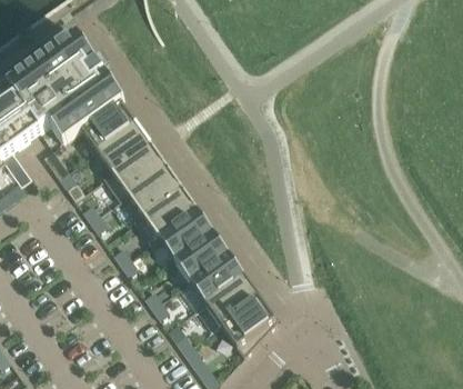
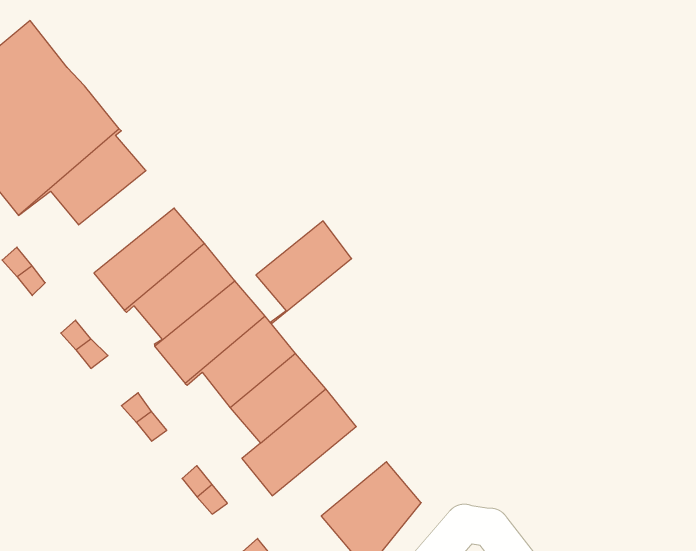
building: [95,122,150,178] -> [256,221,352,324]
building: [204,275,259,323] -> none

